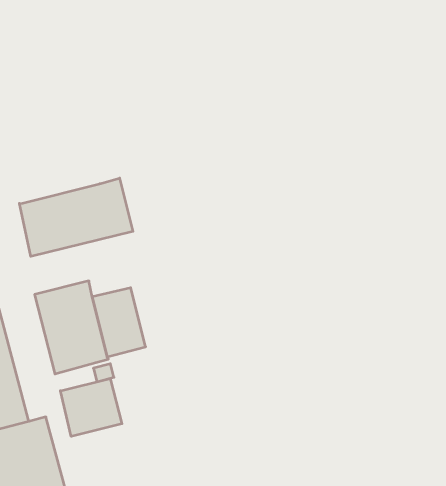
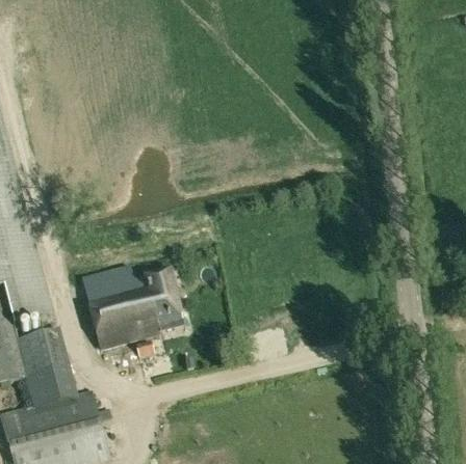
building: [19,178,133,256] -> none
building: [60,379,122,436] -> none

